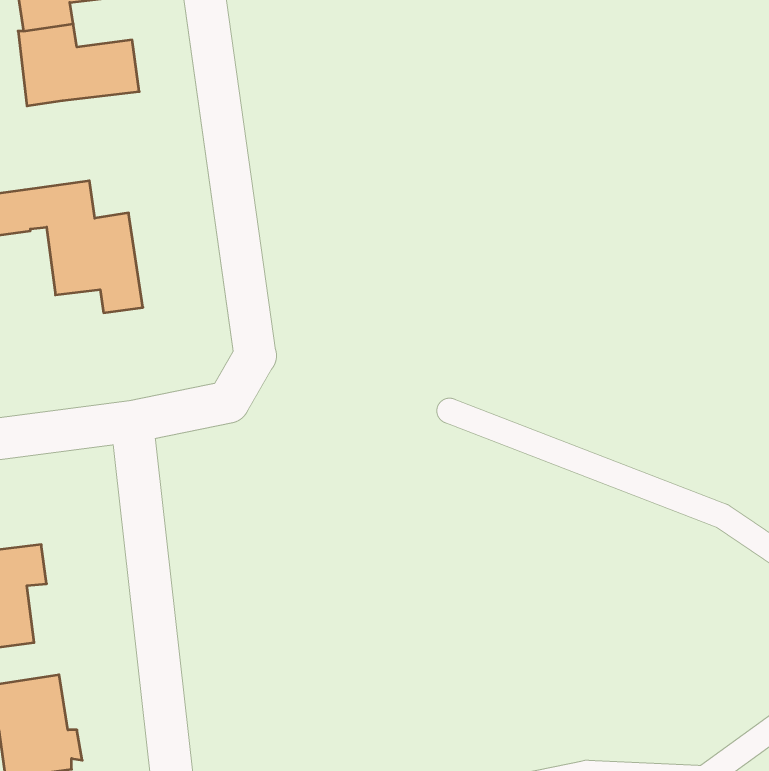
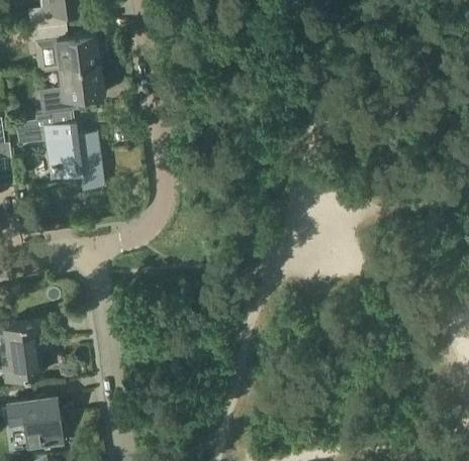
building: none -> [41,64,108,115]

